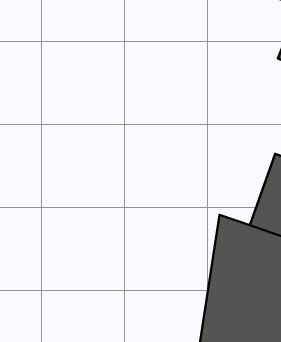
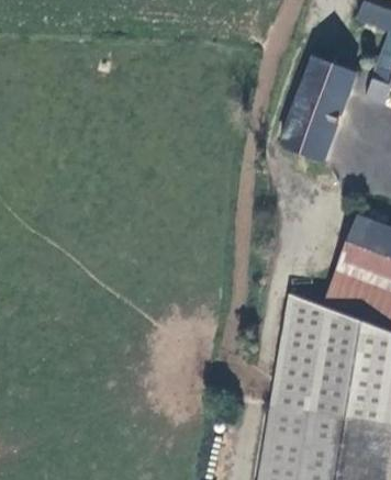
building: none -> [278,57,354,165]

